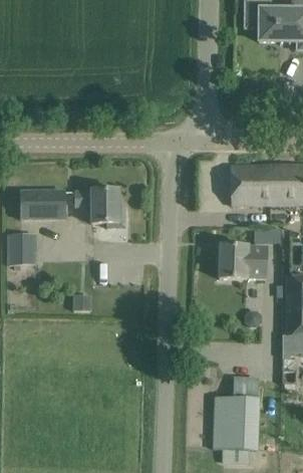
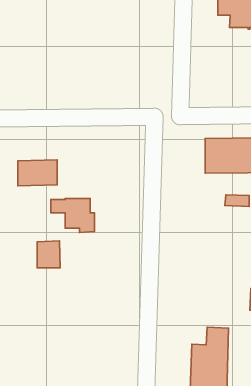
building: [75,189,124,227] -> [51,199,95,232]
building: [9,233,35,263] -> [37,241,60,268]
building: [219,244,268,278] -> none

